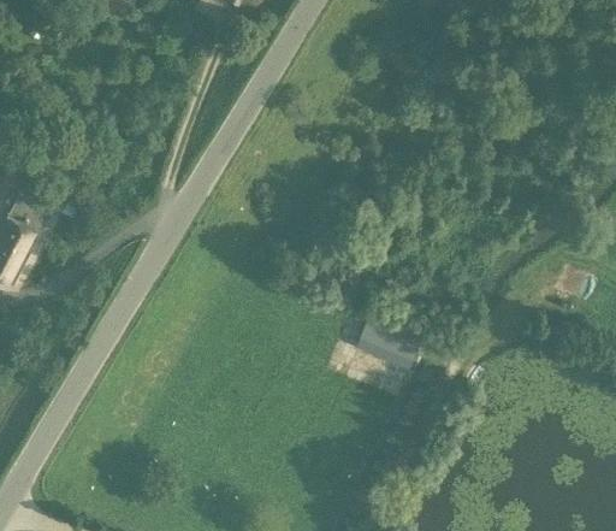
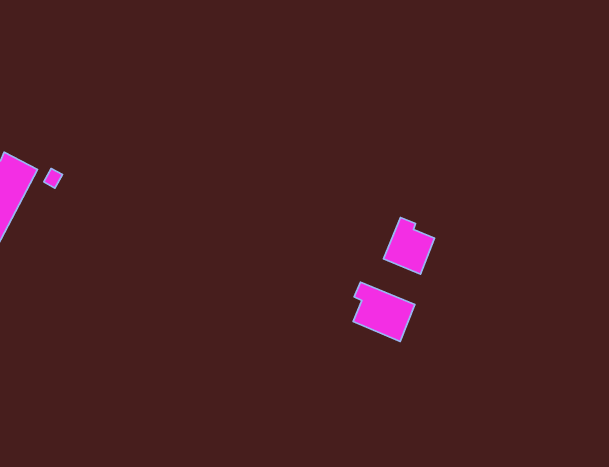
building: none -> [384,217,435,274]

